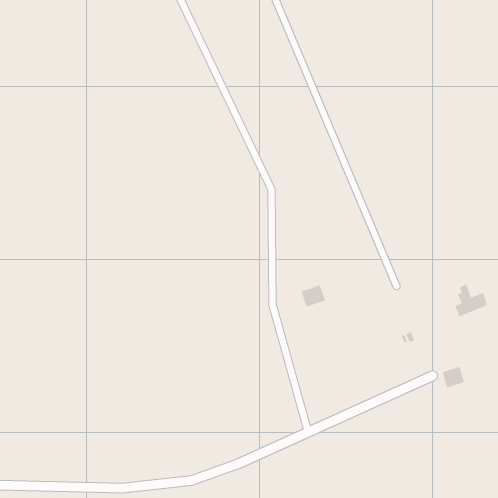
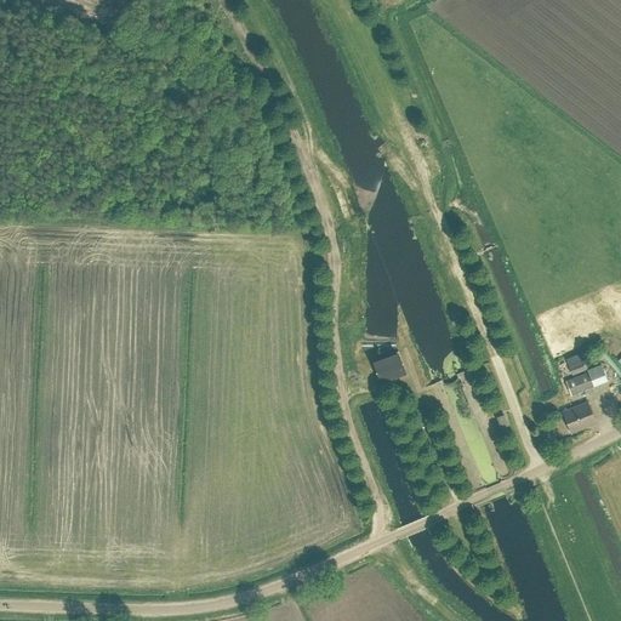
building: [441,366,465,388] -> [564,403,593,431]

